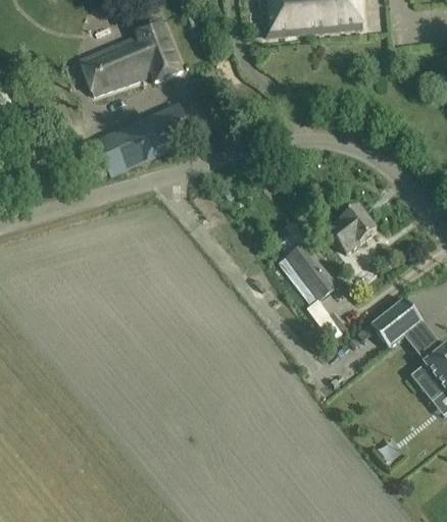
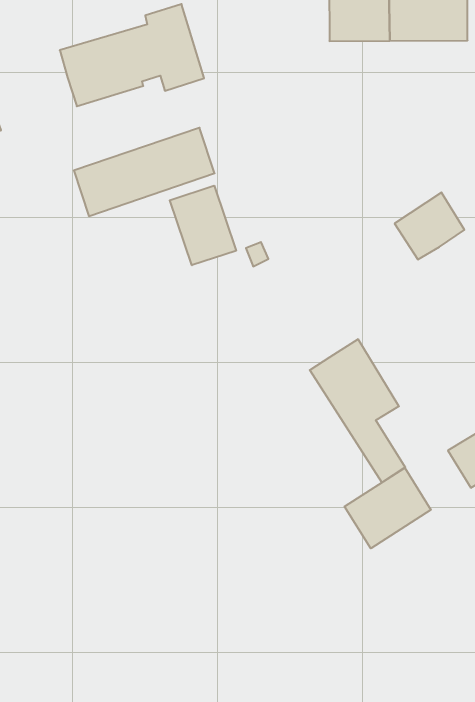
building: none -> [170,186,236,265]
building: [327,206,376,254] -> [395,192,464,259]
building: none -> [345,468,431,548]

